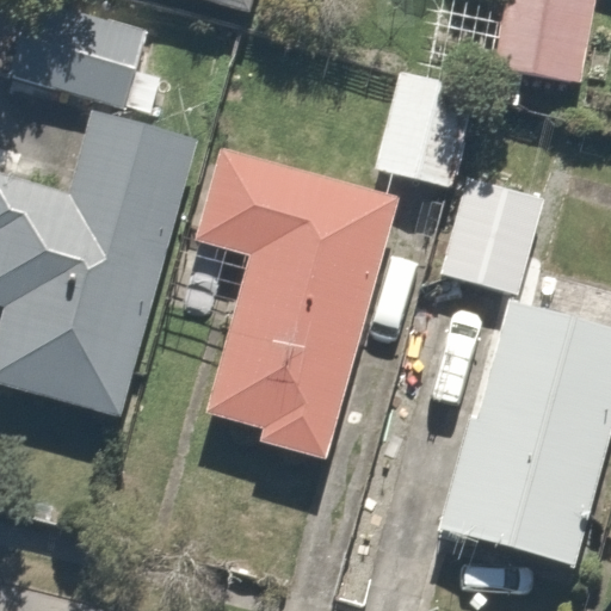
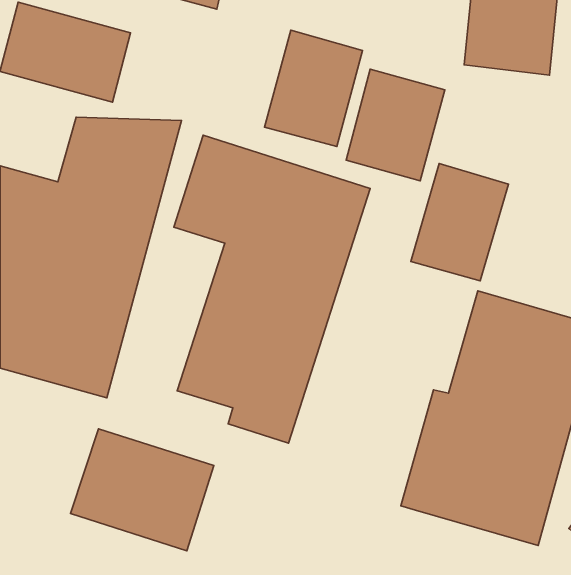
building: none -> [264,30,363,147]
building: none -> [71,429,214,551]

